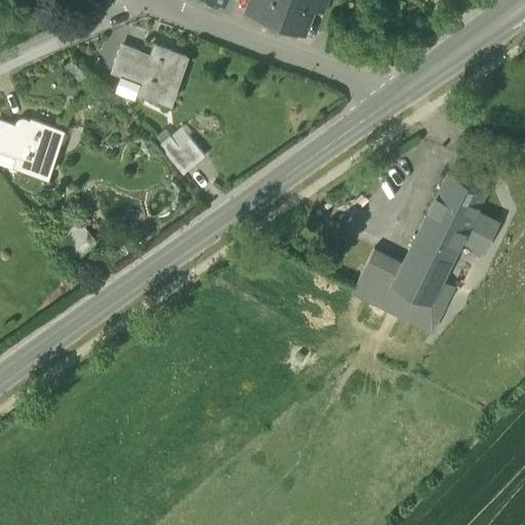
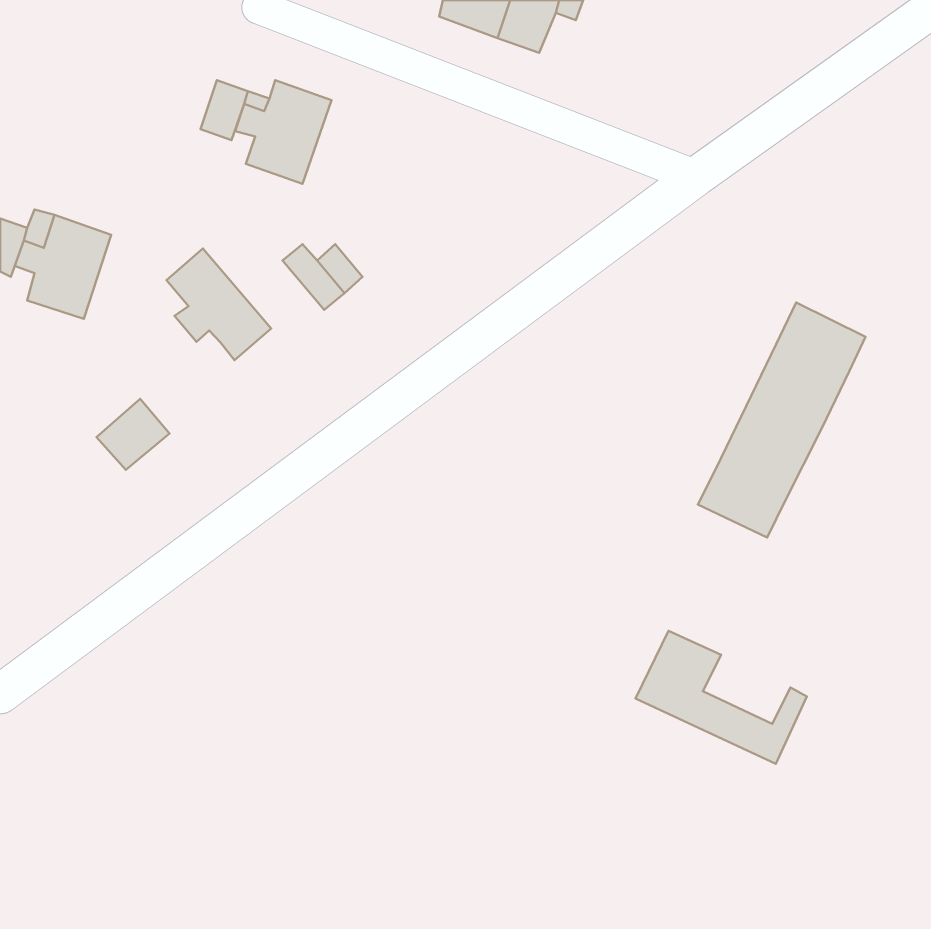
building: none -> [166,248,271,360]
building: [462,210,499,252] -> none
building: [355,251,451,326] -> [636,631,807,764]

